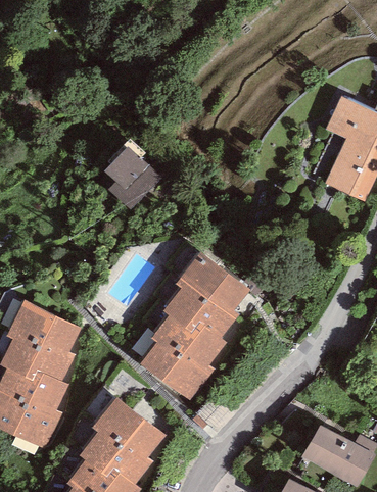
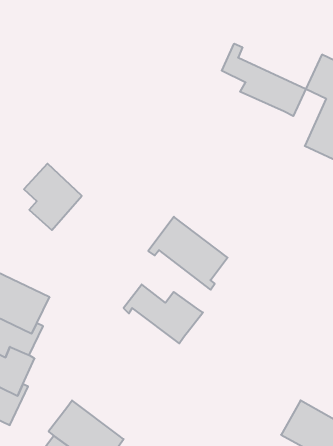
building: none -> [222,44,306,116]
building: [103,146,158,209] -> [24,164,82,230]
building: [163,282,234,337] -> none
building: [140,337,215,400] -> none
building: [92,397,164,458] -> none

